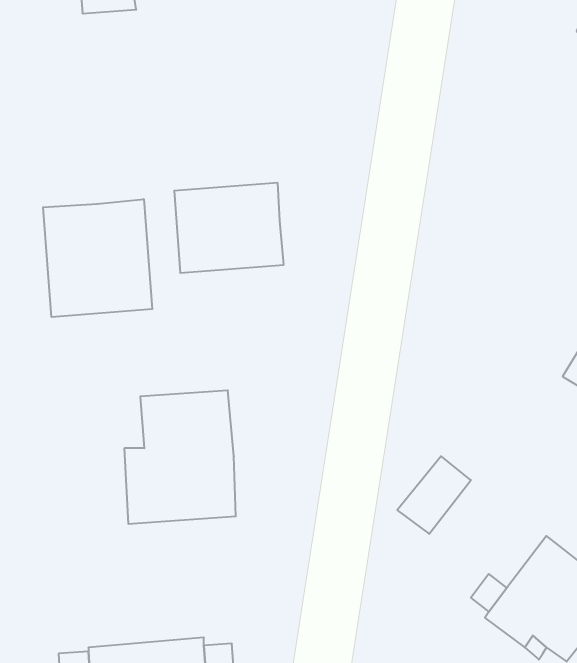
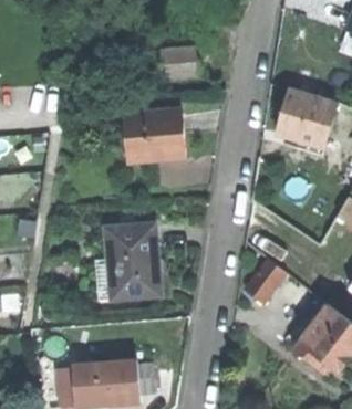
building: none -> [156,44,195,77]
building: none -> [276,87,337,150]
building: [43,199,152,317] -> none

